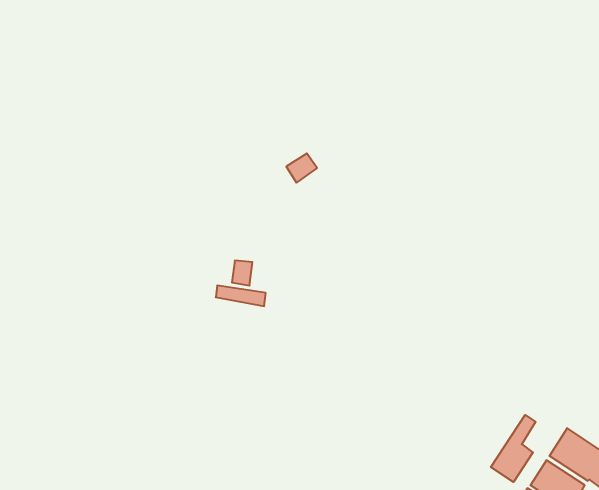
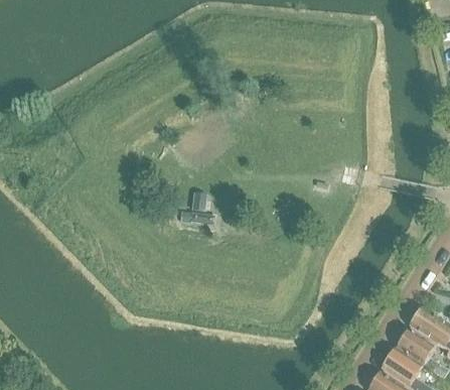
building: [491,415,536,482] -> none

